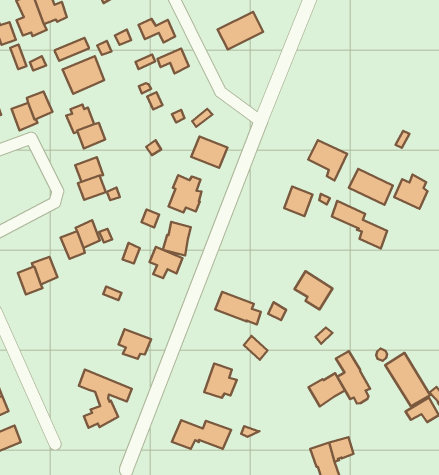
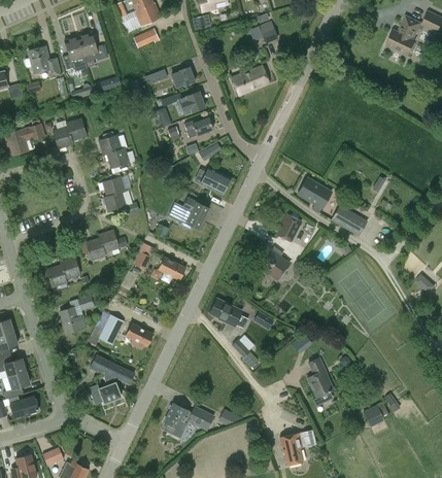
building: [62,56,104,94] -> none
building: none -> [183,117,213,139]
building: [394,175,428,209] -> none
building: [332,201,387,249] -> none
building: [163,222,191,255] -> none
building: [295,271,333,309] -> [258,247,290,280]
building: none -> [60,294,98,333]
building: none -> [88,311,124,345]
building: [385,353,430,406] -> none
building: [204,364,237,398] -> none
building: [309,373,345,406] -> none

